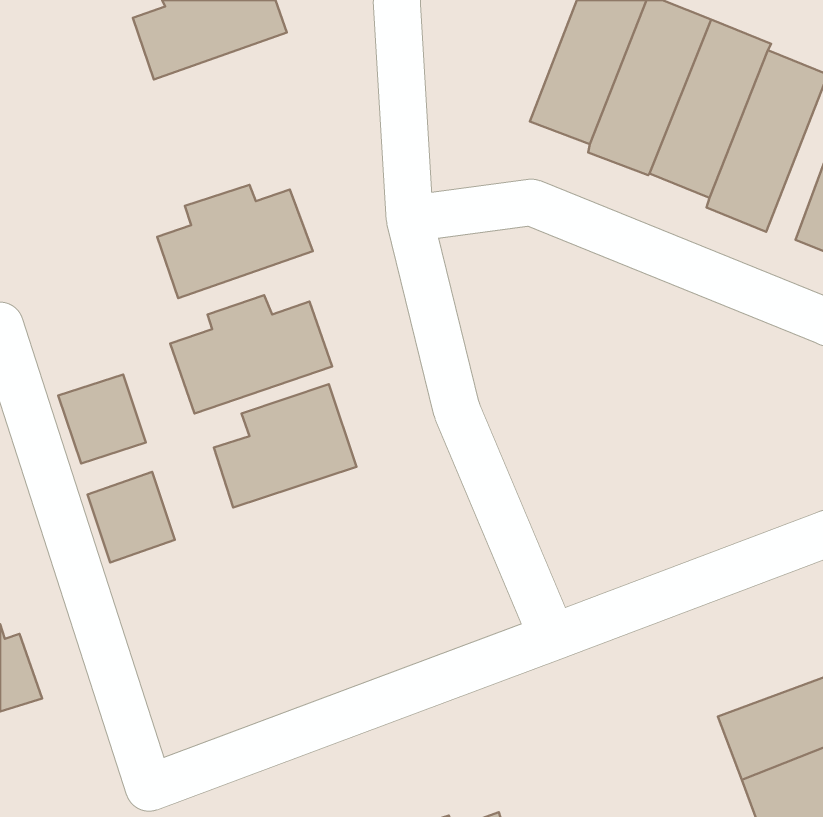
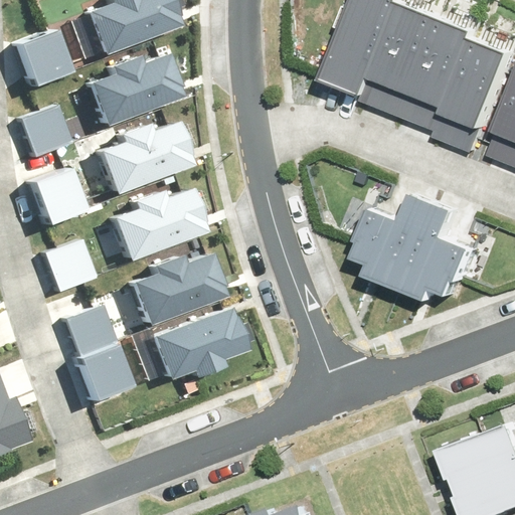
building: none -> [15,30,69,85]
building: none -> [89,50,185,122]
building: none -> [14,103,68,158]
building: none -> [31,169,85,224]
building: none -> [363,204,479,303]
building: none -> [149,309,245,391]
building: none -> [71,342,129,400]

